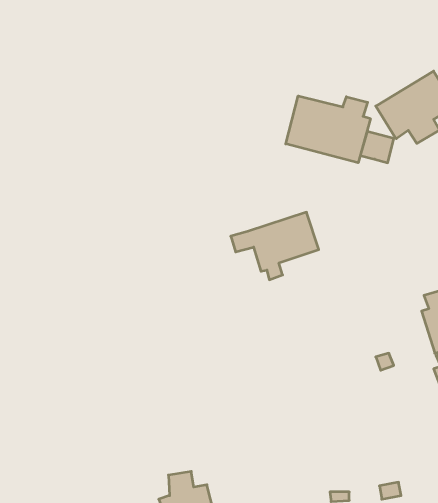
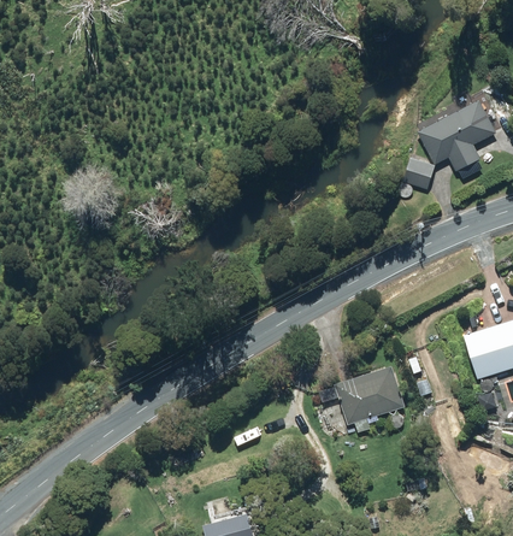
building: [286,96,370,163] -> none
building: [231,212,319,280] -> [318,365,406,432]

